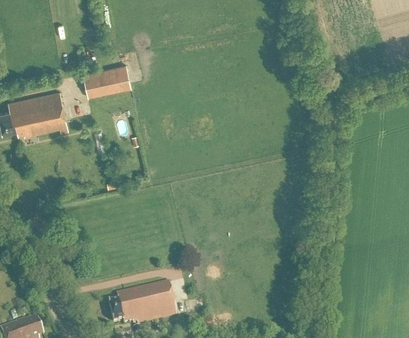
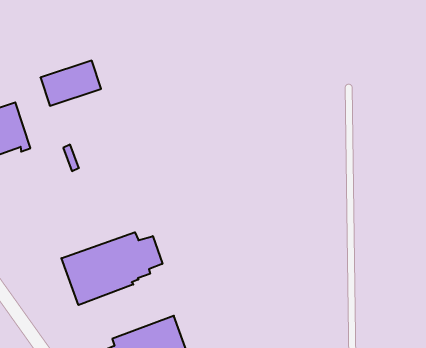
building: none -> [61,232,162,305]

